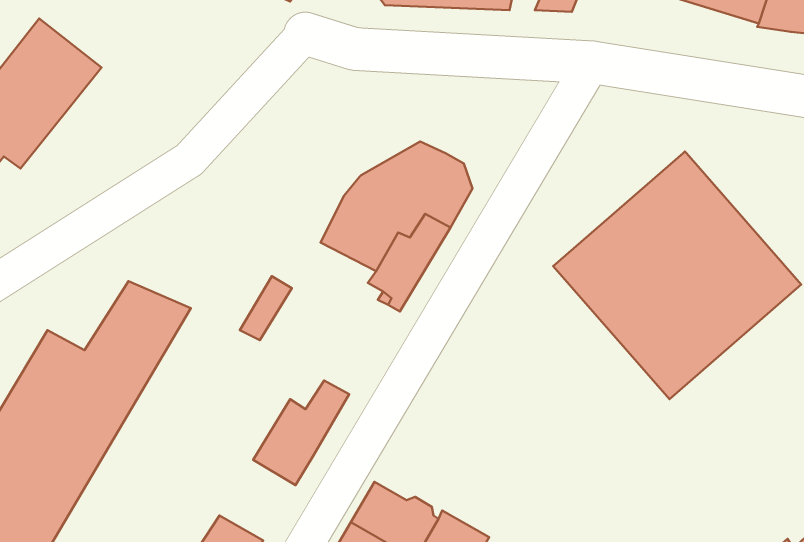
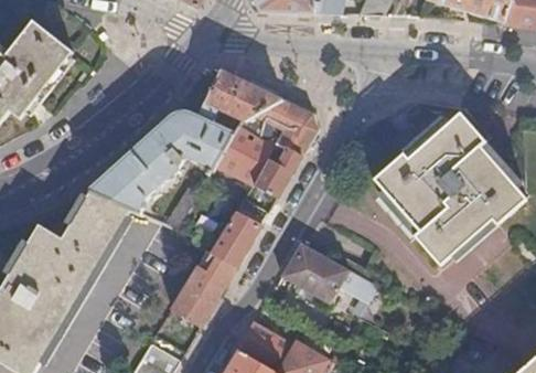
building: none -> [92,70,282,213]
building: none -> [213,212,260,265]
building: none -> [280,243,379,302]

